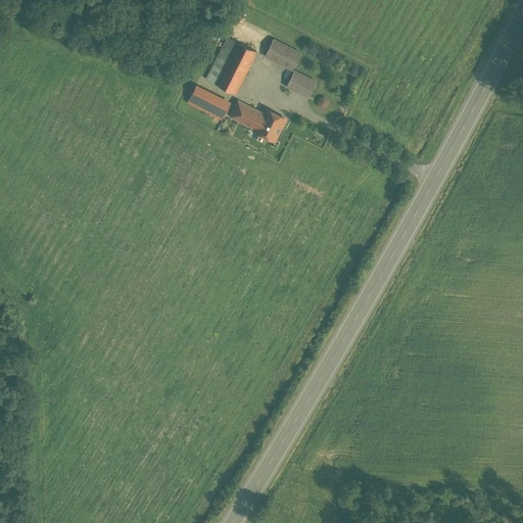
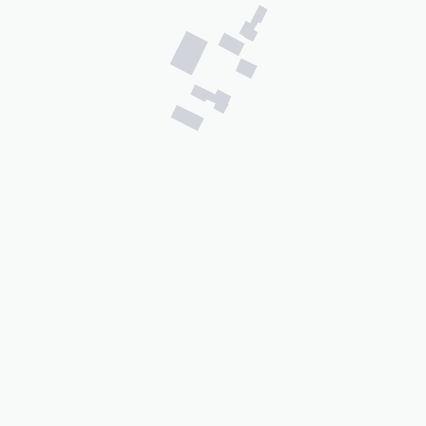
building: none -> [238,4,269,43]
building: [188,86,231,120] -> [170,104,205,132]

